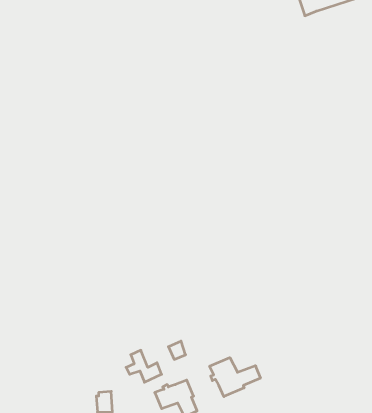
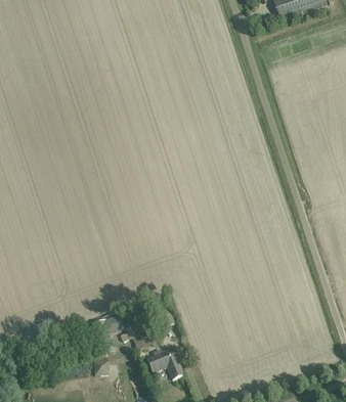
building: [210,358,260,397] -> none

